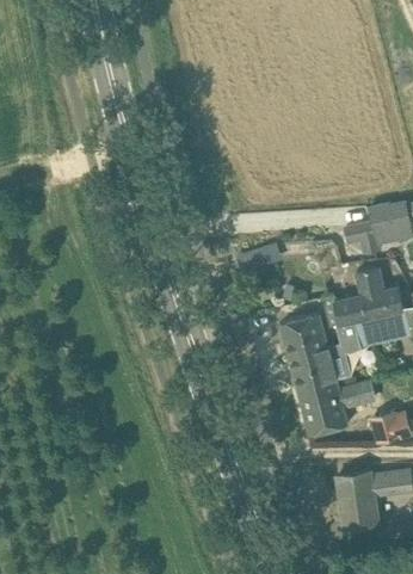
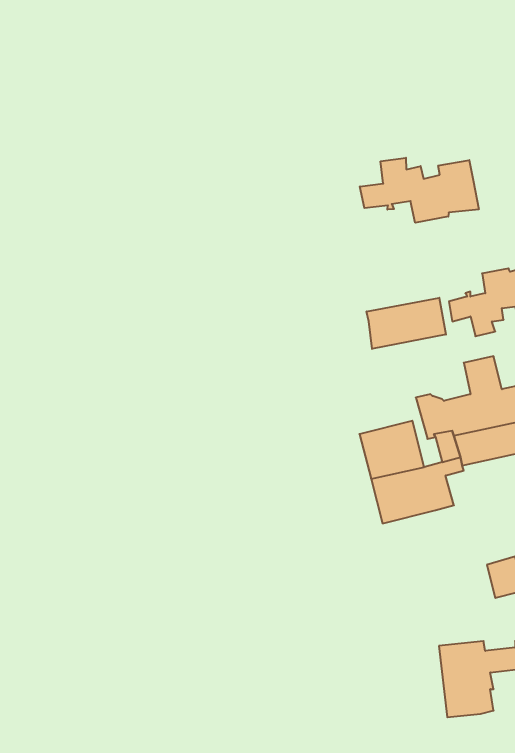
building: none -> [360,158,479,223]
building: none -> [367,298,446,349]
building: [296,378,372,434] -> none

